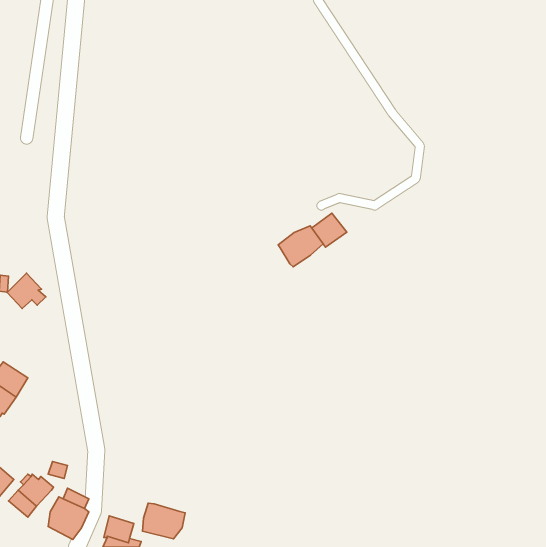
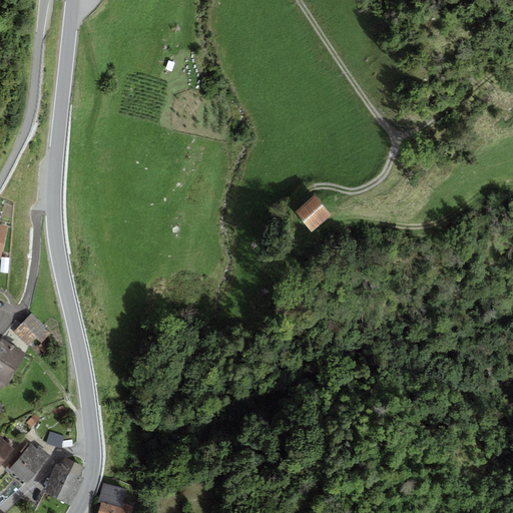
building: [278,226,323,267] -> none
building: [7,273,46,309] -> [13,314,49,347]
building: [143,503,185,539] -> none

